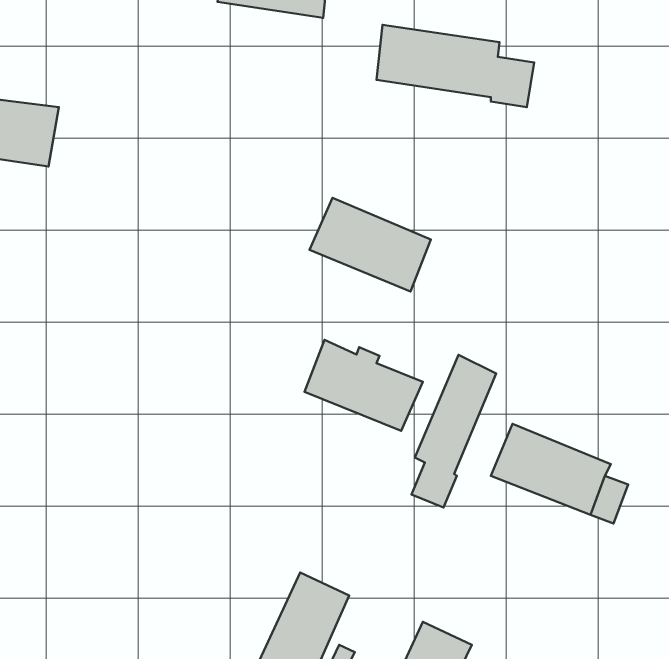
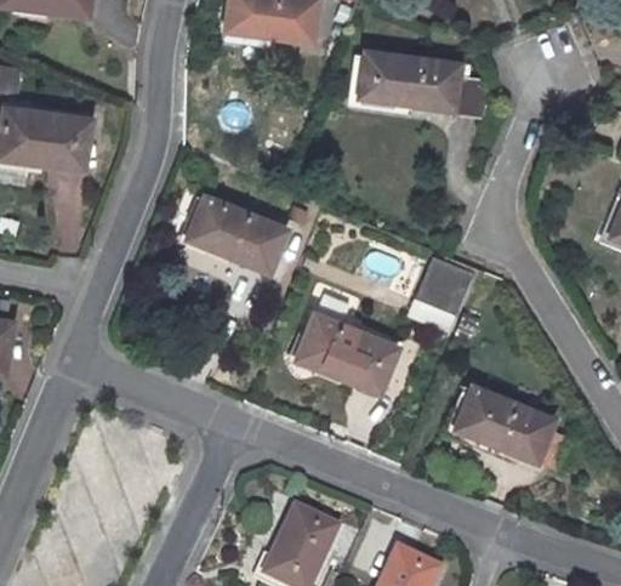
building: [309,198,431,292] -> [184,194,286,273]
building: none -> [416,256,474,315]
building: [412,355,496,508] -> none

